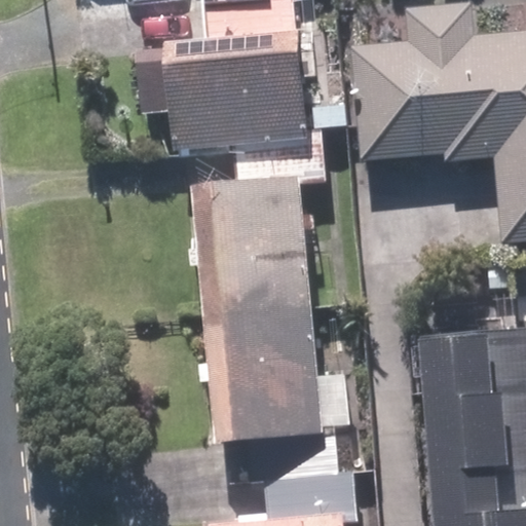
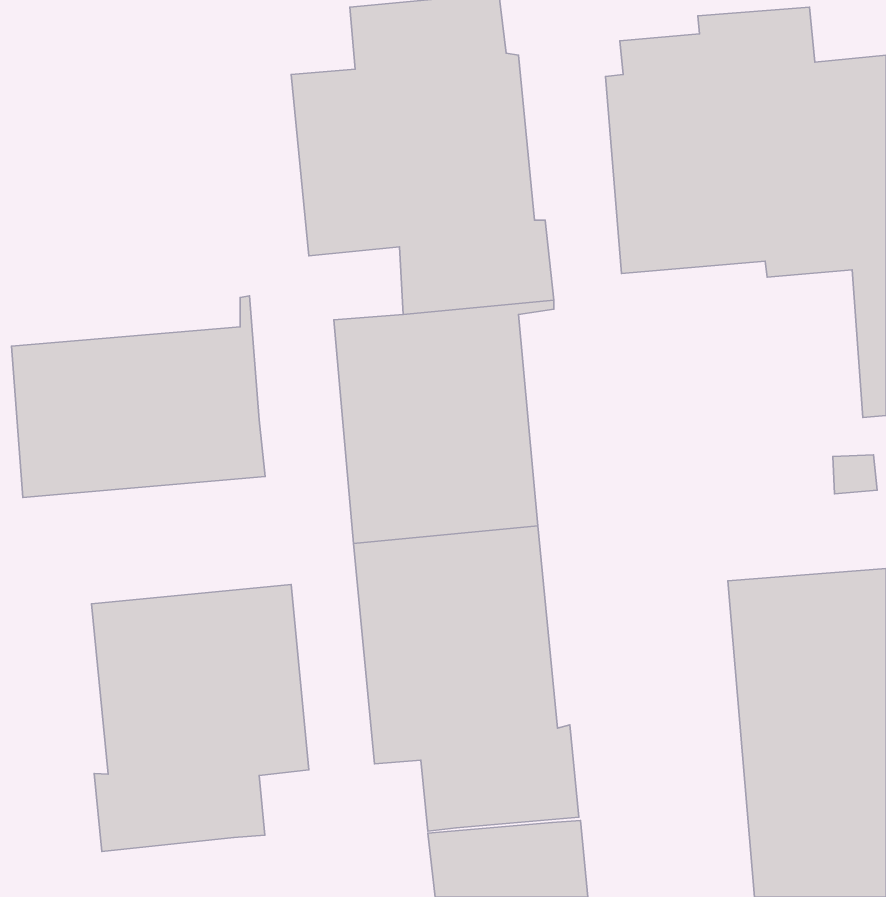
building: none -> [11,296,265,498]
building: none -> [91,584,309,851]

